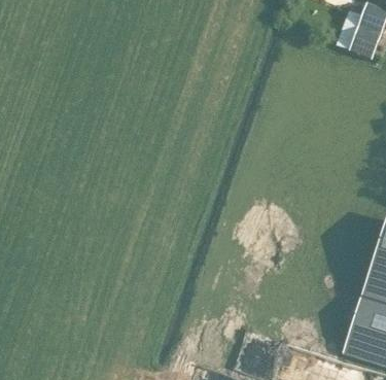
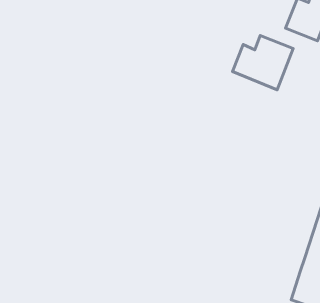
building: none -> [233,36,293,90]

